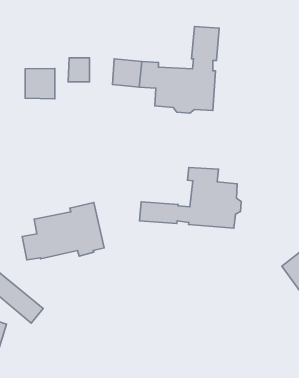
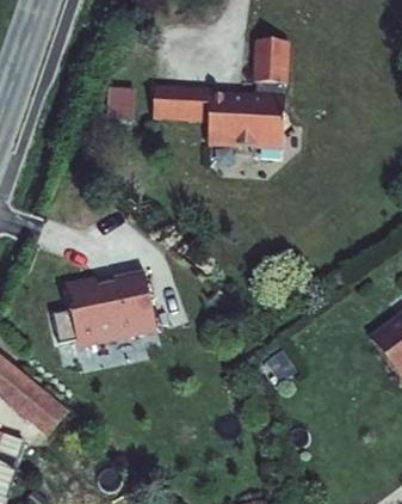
building: [25,69,55,99] -> none
building: [140,167,241,228] -> none

